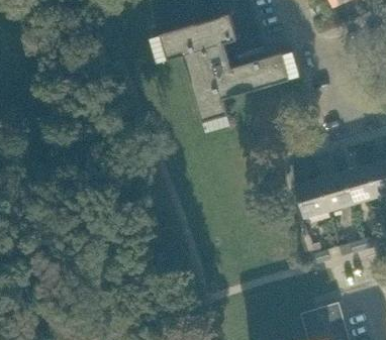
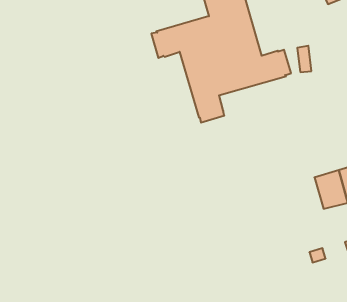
building: [292,182,326,221] -> none

